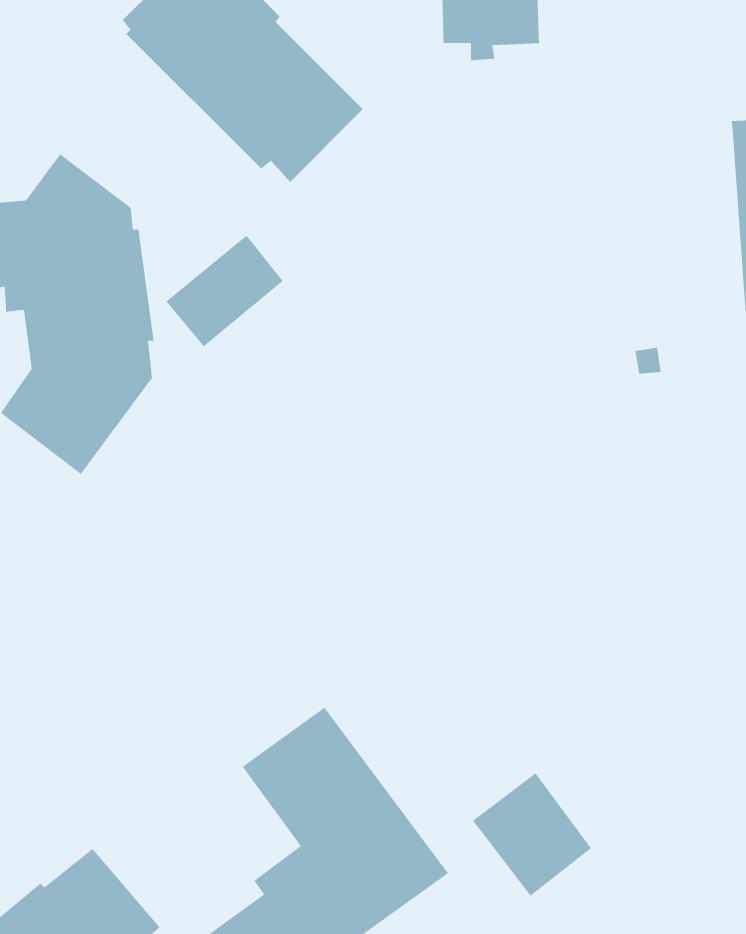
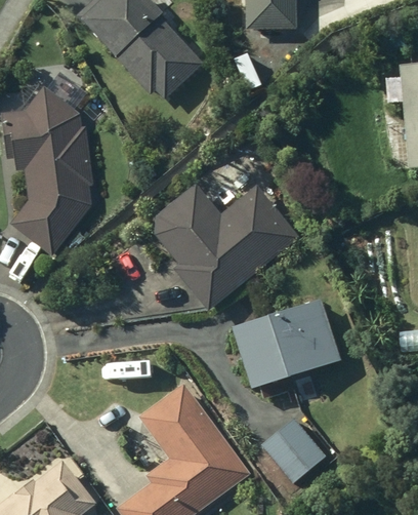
building: [165,235,283,347] -> none
building: none -> [154,184,301,312]
building: none -> [231,303,341,392]

